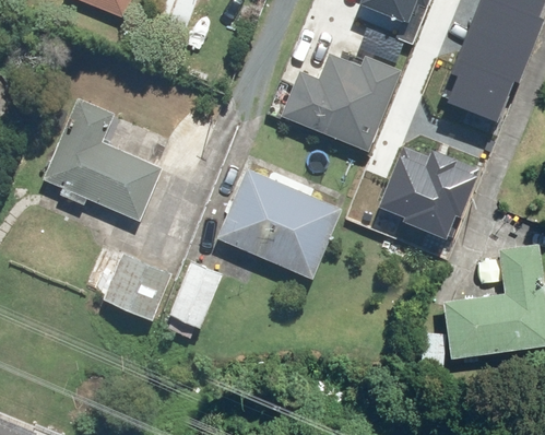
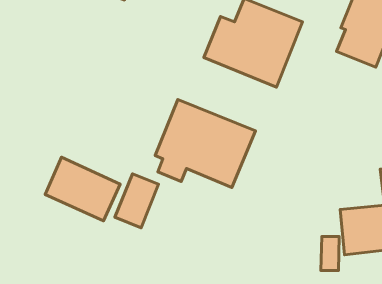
building: [45,97,158,219] -> none
building: [377,153,473,245] -> none

